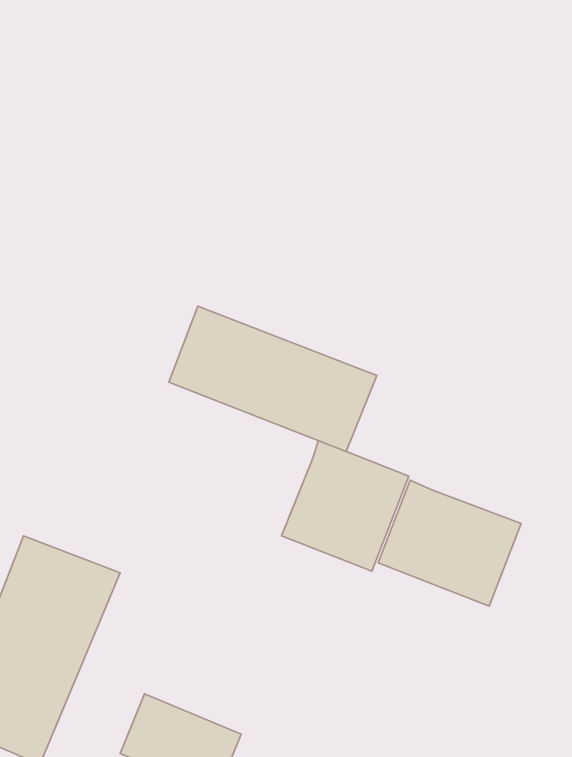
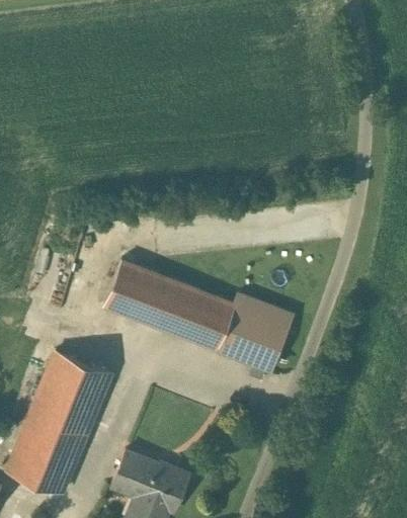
building: [169,306,377,451] -> [102,260,233,351]
building: [378,480,521,606] -> none

